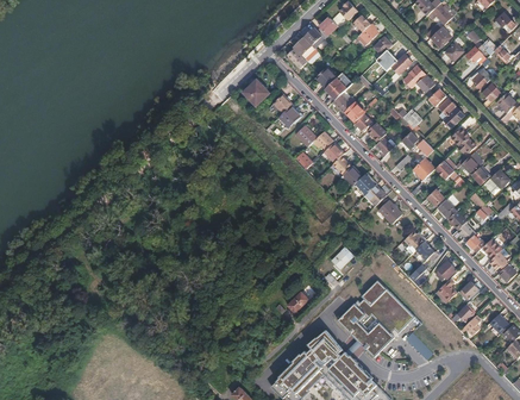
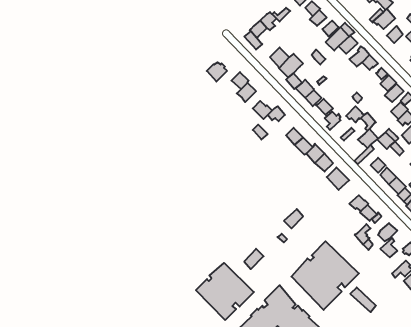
building: none -> [196,263,254,320]

